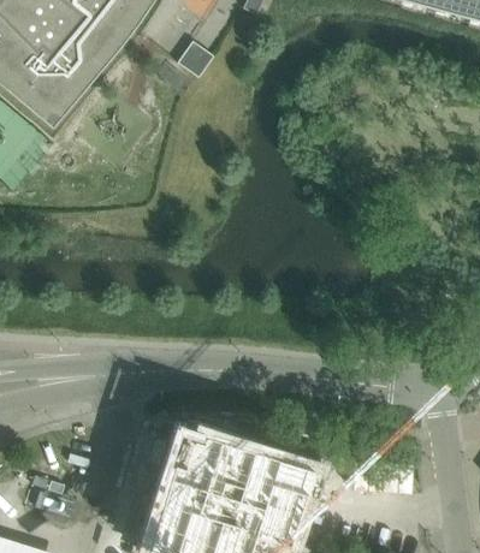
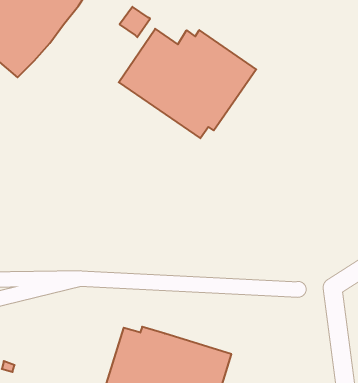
building: none -> [119,29,256,138]

